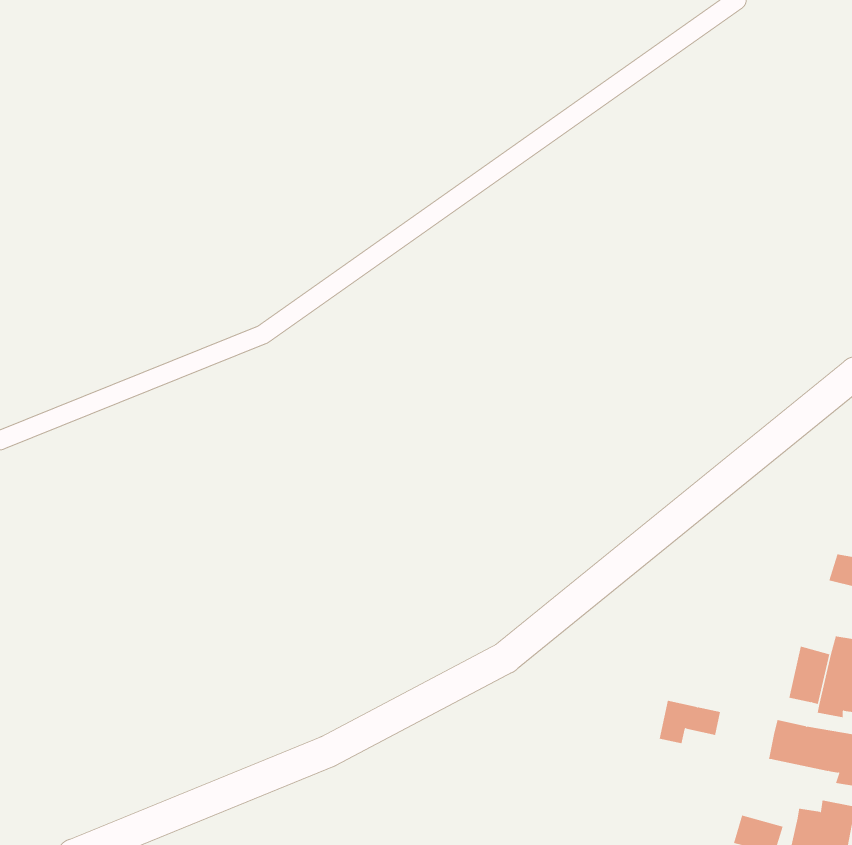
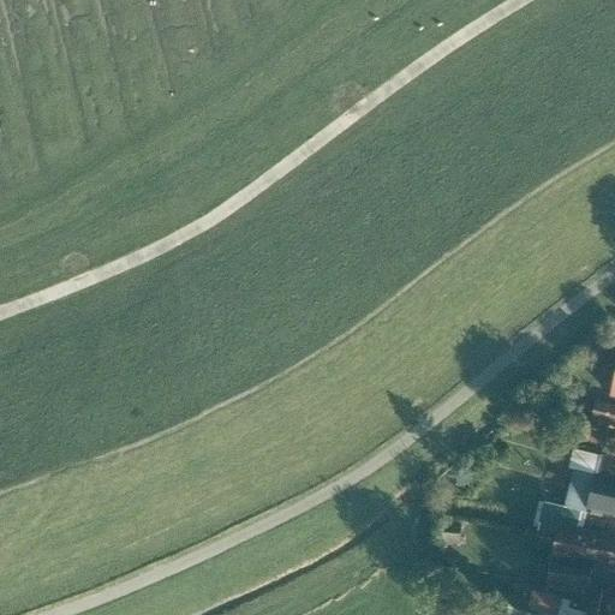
building: [659,700,721,744] -> [541,503,585,535]
building: none -> [549,553,597,595]

